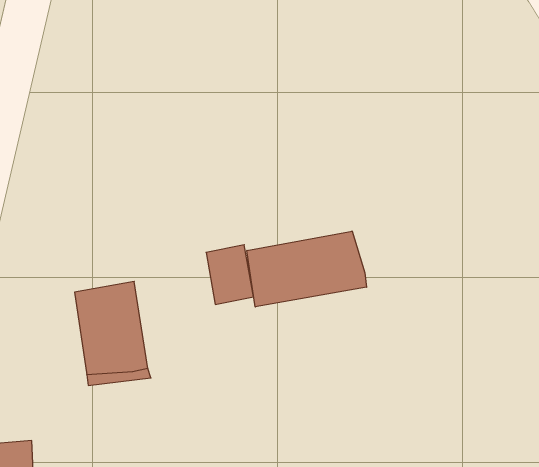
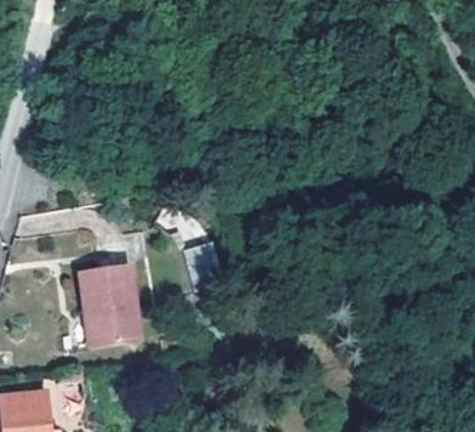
building: [247,231,367,307] -> none

